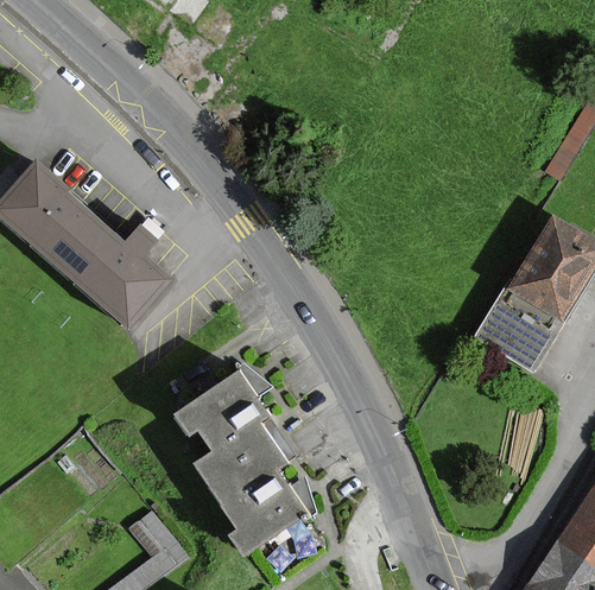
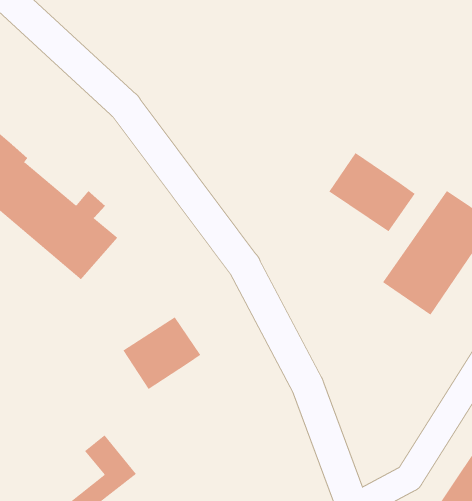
building: none -> [328,152,416,232]
building: [191,424,308,548] -> none

